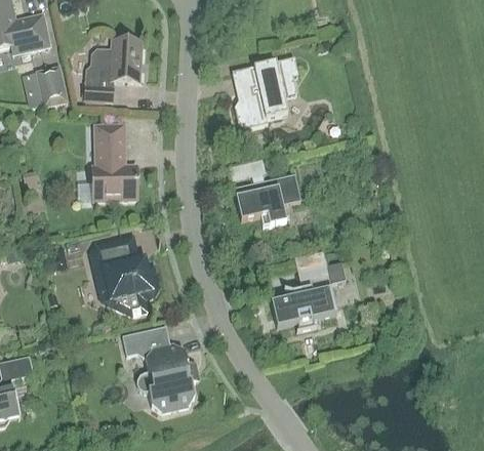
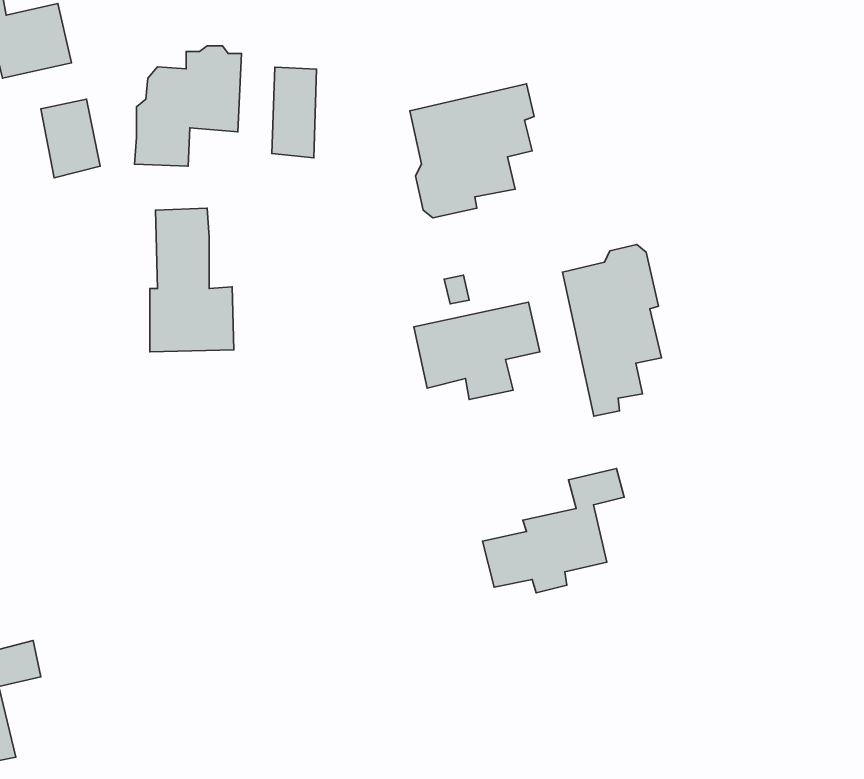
building: none -> [272,67,317,158]
building: none -> [563,245,661,416]
building: [91,238,157,314] -> none
building: [121,325,195,412] -> none

